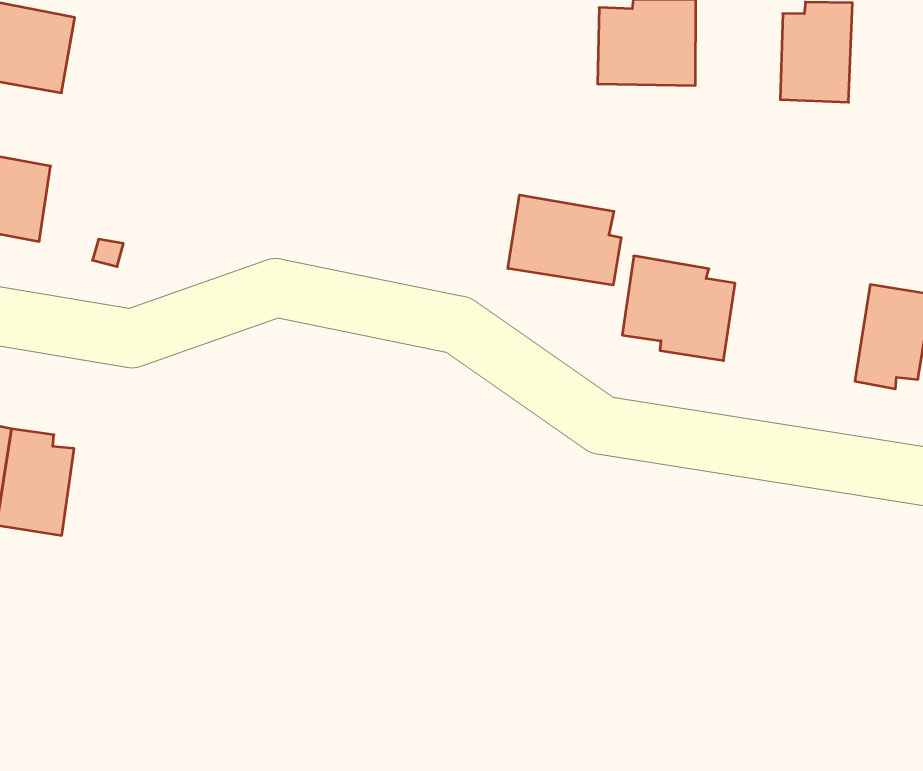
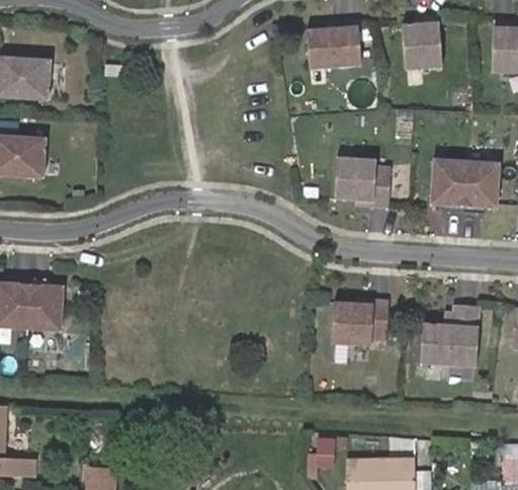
building: [508,195,621,285] -> none
building: none -> [427,159,463,212]
building: none -> [336,298,393,344]
building: none -> [425,303,483,363]

